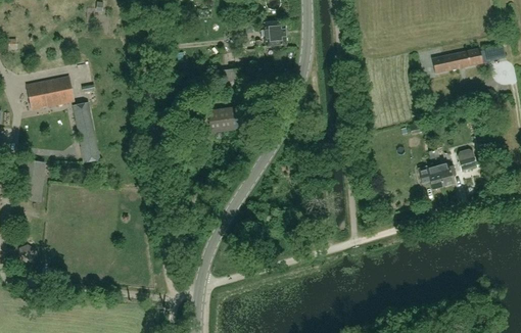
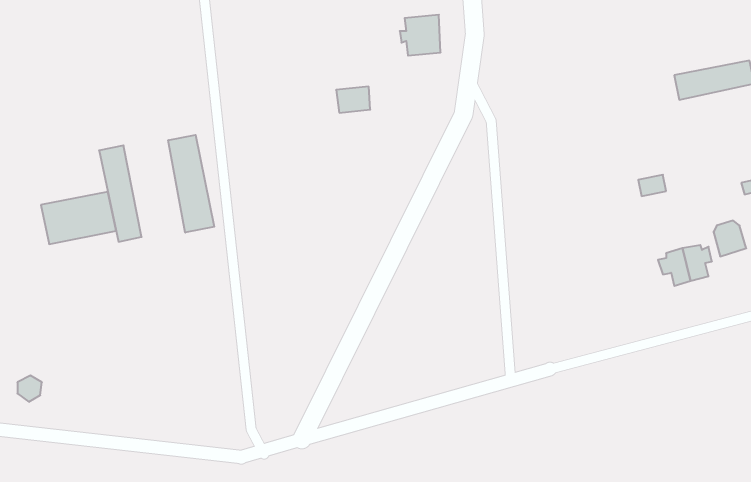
building: [27,76,74,108] -> [41,192,116,244]
building: none -> [168,135,214,233]
building: [207,104,250,132] -> none

